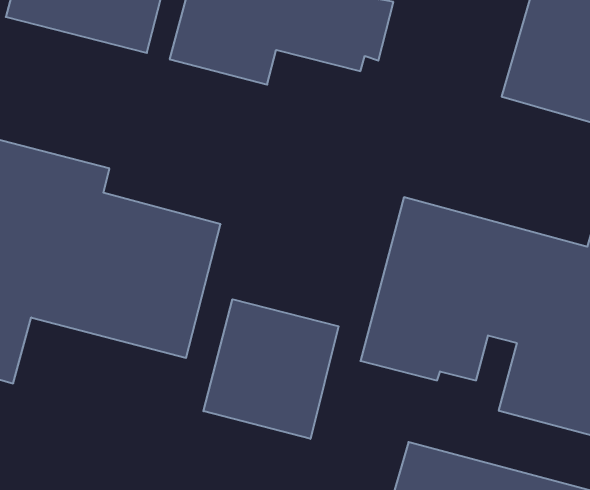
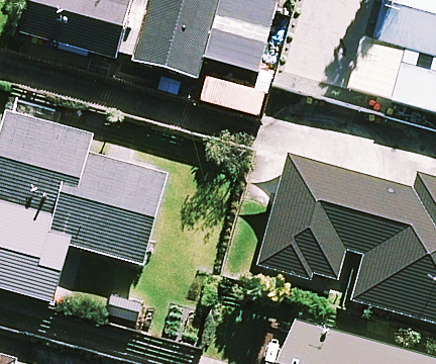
building: [203,299,339,439] -> none

